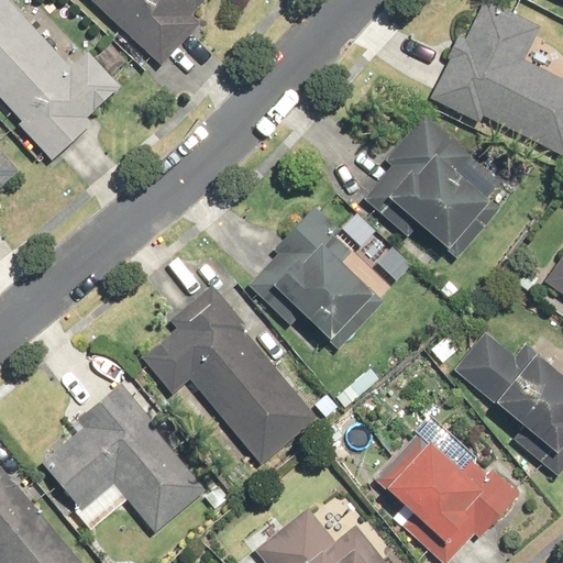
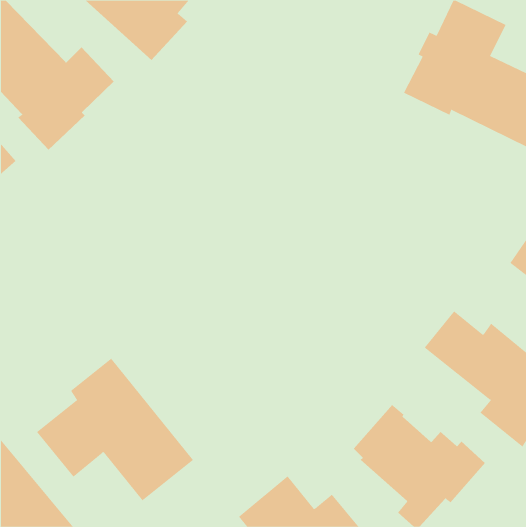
building: [364,114,500,258] -> none
building: [247,208,384,351] -> none
building: [142,285,318,465] -> none

